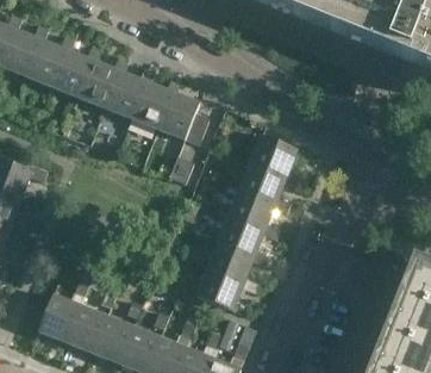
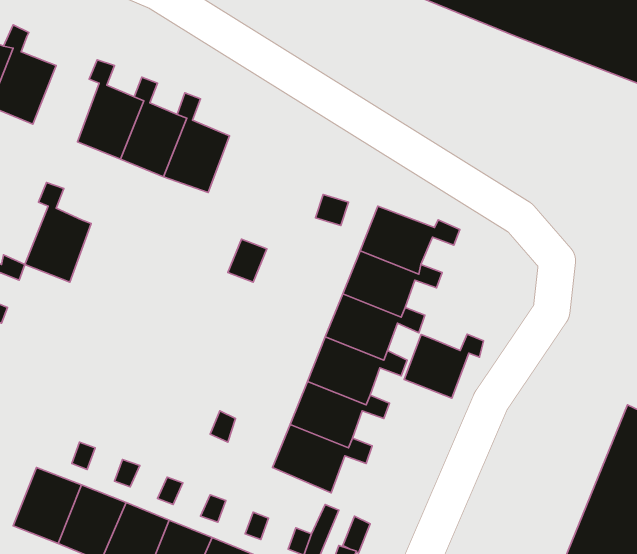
building: [49,35,89,95] -> [25,183,91,282]
building: [156,76,207,143] -> none
building: none -> [404,334,484,398]

